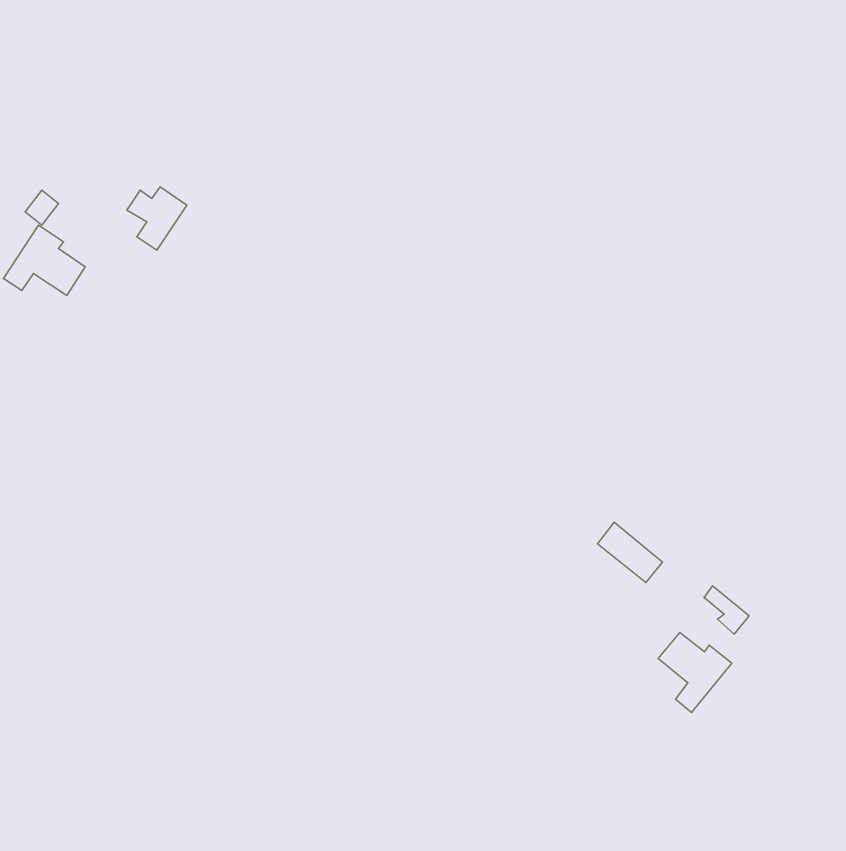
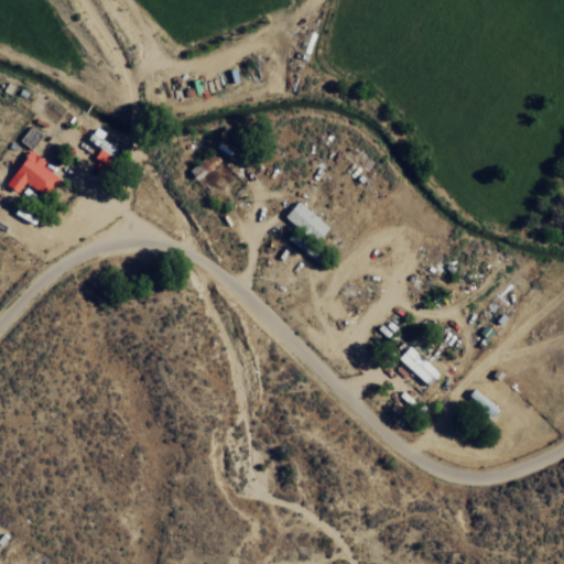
building: none -> [285,200,330,243]
building: [658,632,732,713] -> none

